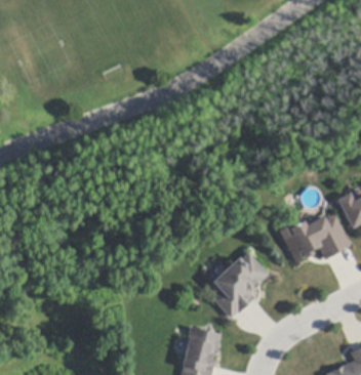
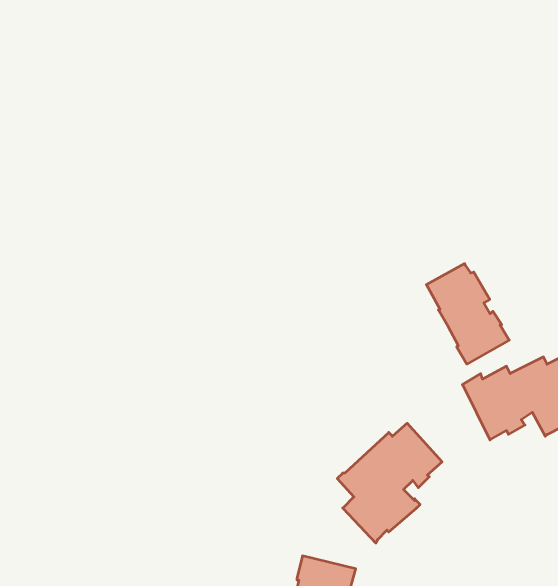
building: none -> [426,264,509,364]

